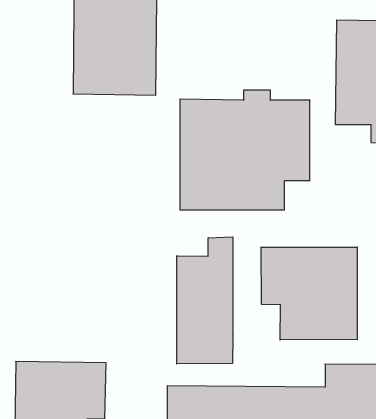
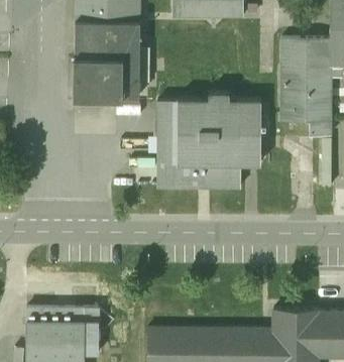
building: [177,237,233,364] -> none
building: [261,247,357,340] -> none

